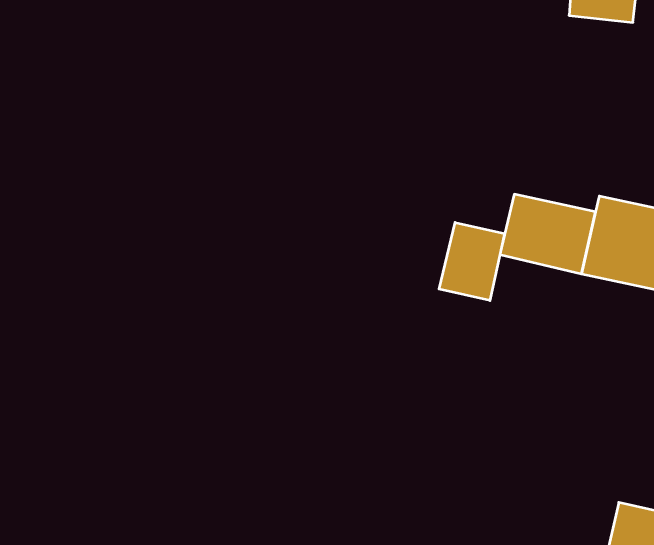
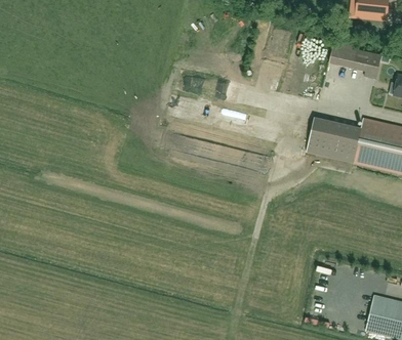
building: none -> [330,41,383,73]
building: [439,222,505,301] -> none

